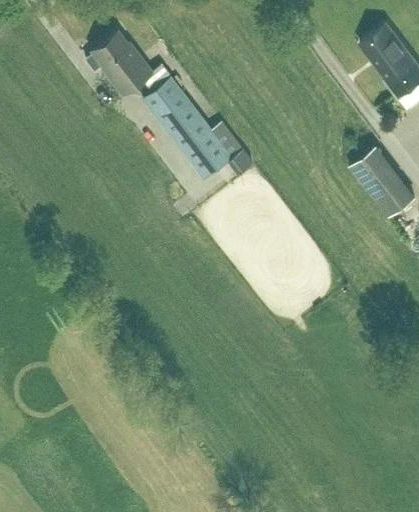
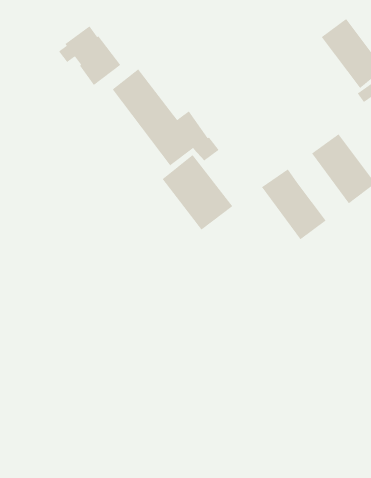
building: none -> [162,154,233,231]
building: none -> [261,169,326,240]

